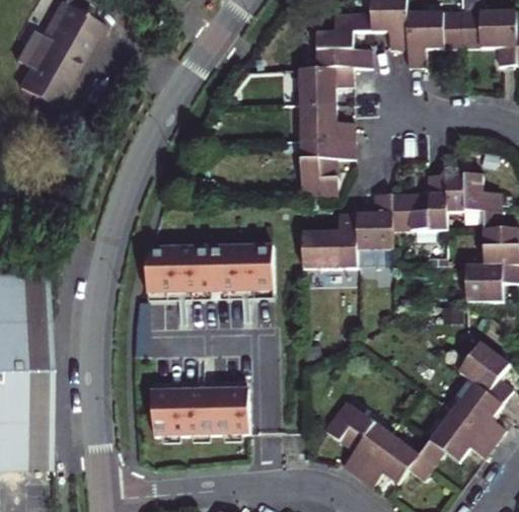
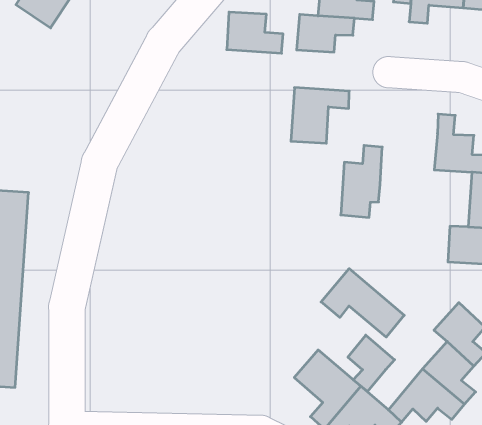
building: [299,102,355,141] -> [227,12,283,53]
building: [392,174,447,230] -> none
building: [302,211,357,268] -> none
building: [146,244,274,292] -> none
building: none -> [321,269,404,337]
building: none -> [348,335,395,392]
building: [152,387,250,435] -> none

